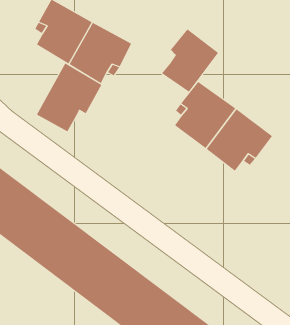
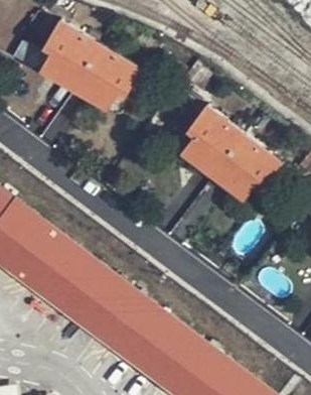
building: [161,29,219,93] -> none
building: [36,62,102,132] -> none

